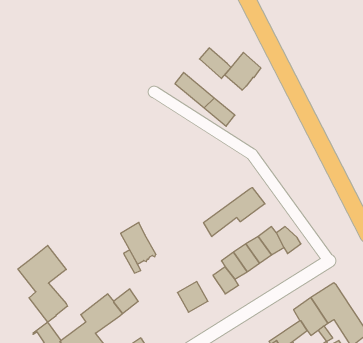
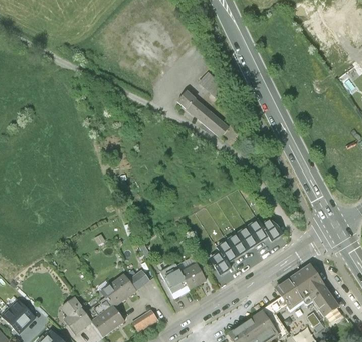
building: [225,52,261,90] -> none
building: [204,188,265,237] -> none
building: [121,222,156,264] -> [160,263,190,297]
building: [18,245,68,322] -> none

